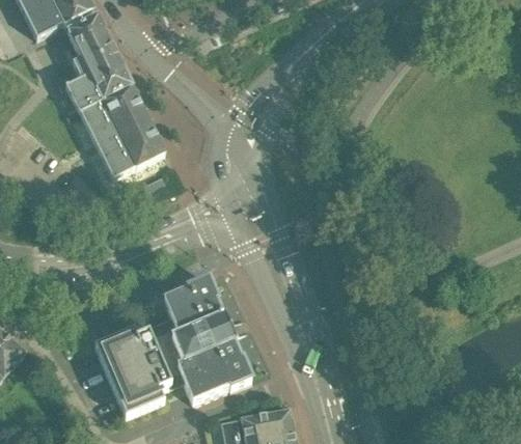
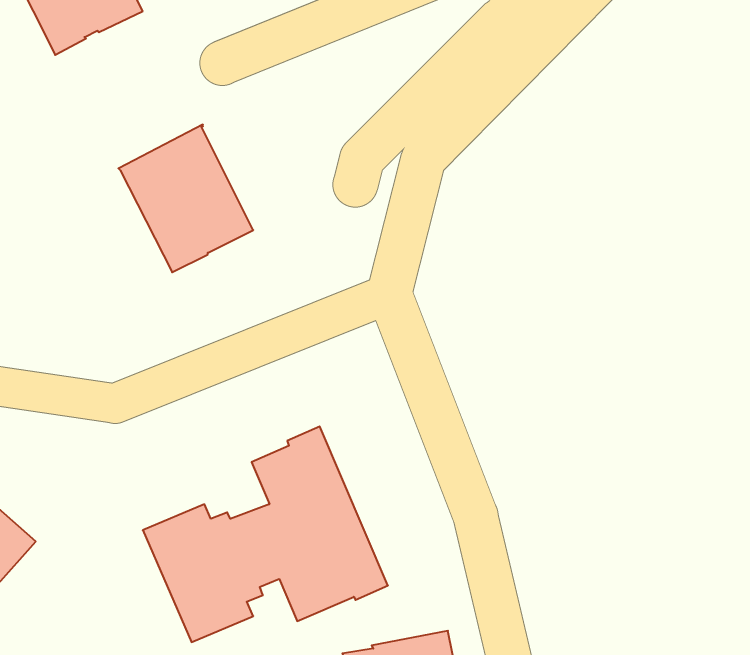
building: [64,11,132,109] -> none

